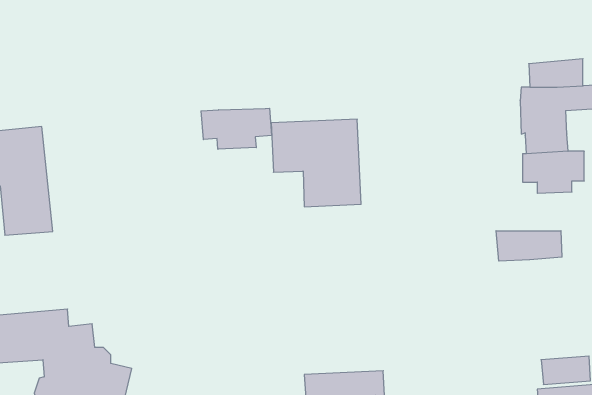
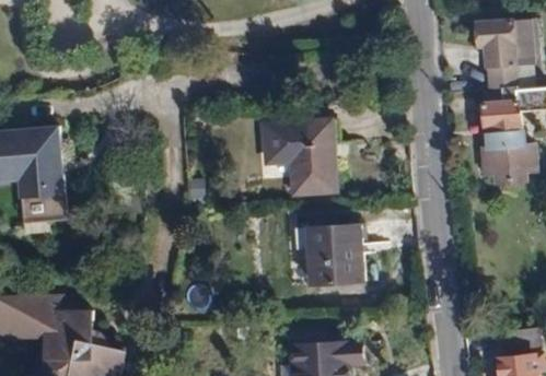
building: none -> [473,19,535,69]
building: [201,108,272,149] -> none
building: [496,231,562,261] -> none
building: none -> [294,224,364,286]

